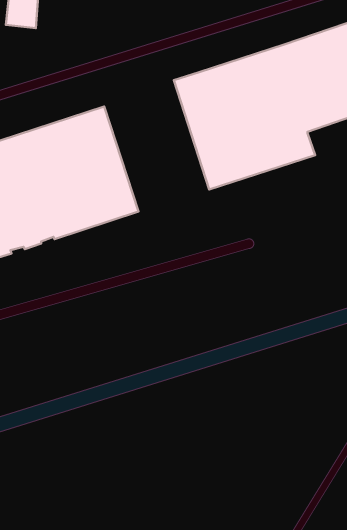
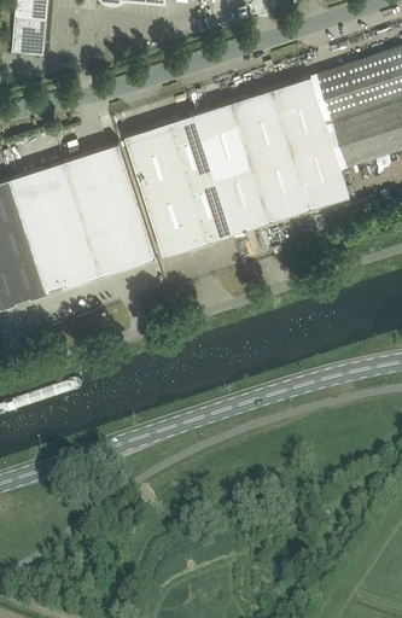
building: none -> [124,115,233,257]

